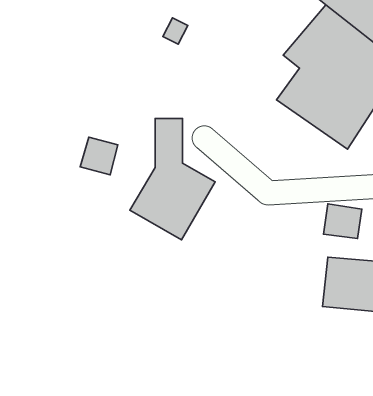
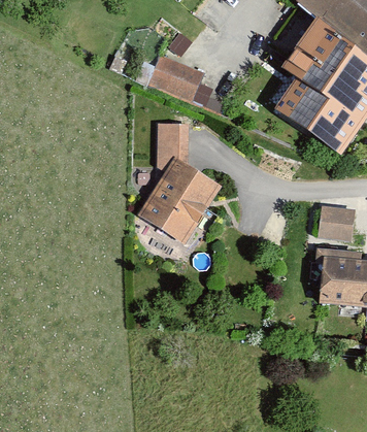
building: none -> [151,56,201,98]
building: [80,137,118,175] -> none

